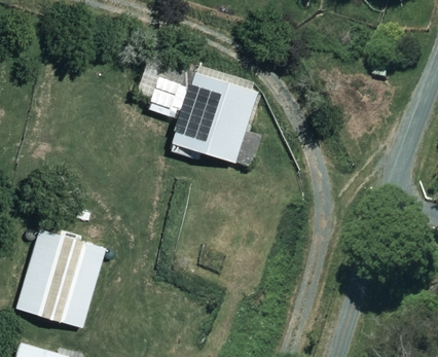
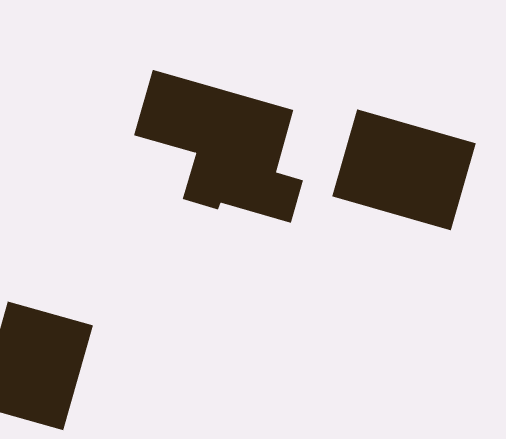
building: none -> [332,108,477,231]

